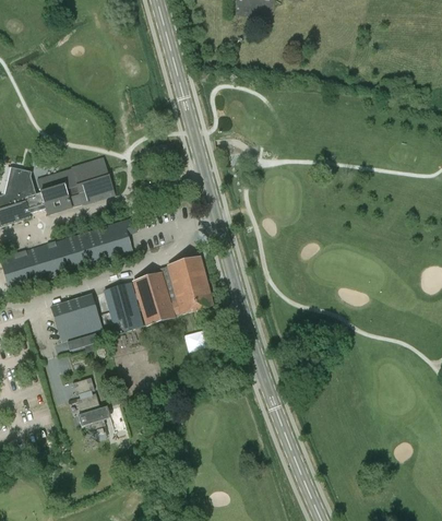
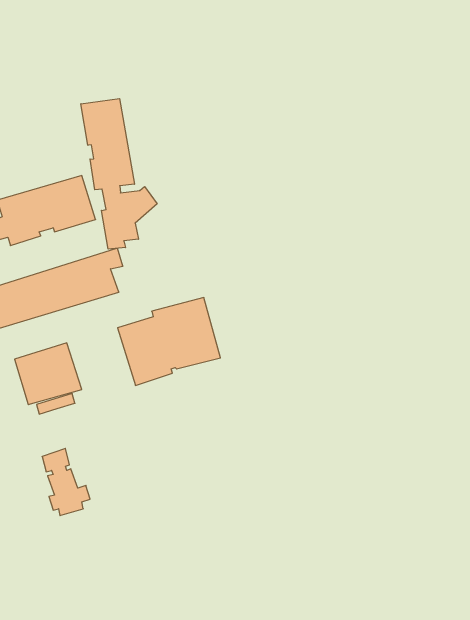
building: none -> [81,99,157,249]
building: [104,281,143,330] -> none

